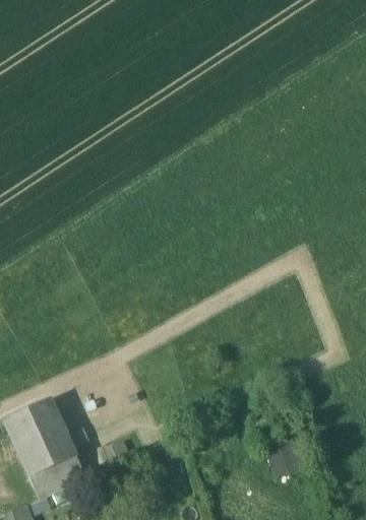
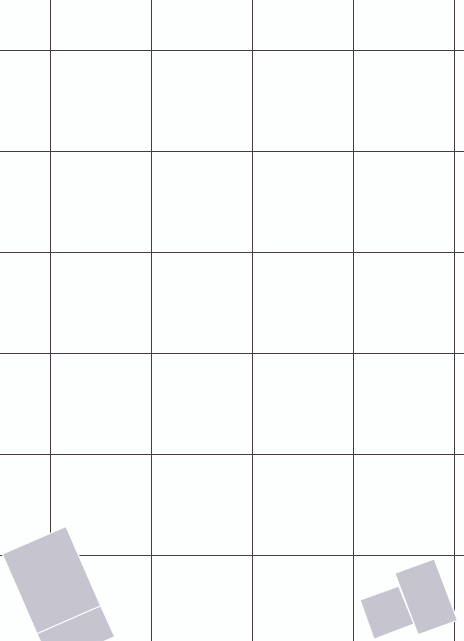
building: none -> [395,559,457,635]

